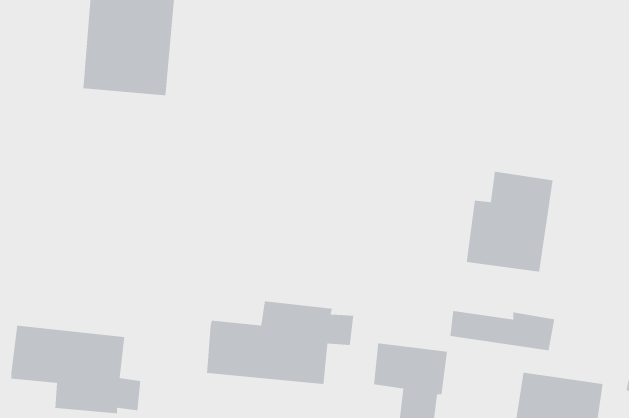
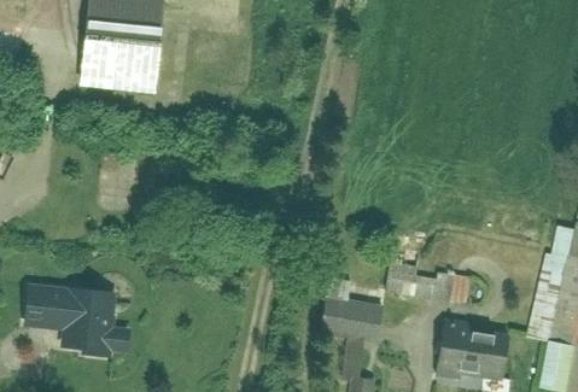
building: [466,171,553,272] -> none
building: [206,301,354,385] -> none

